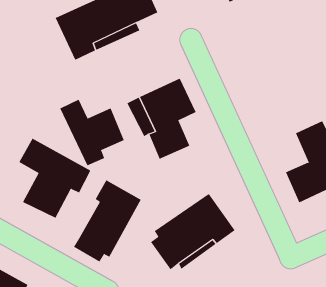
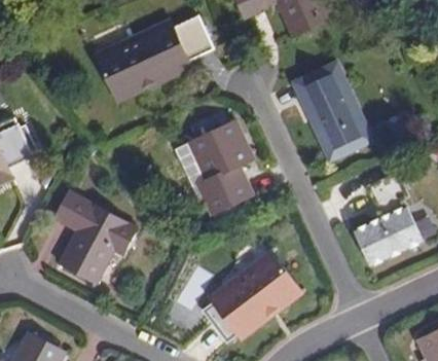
building: none -> [299,68,369,156]
building: [60,99,125,166] -> none
building: [73,179,141,262] -> none

